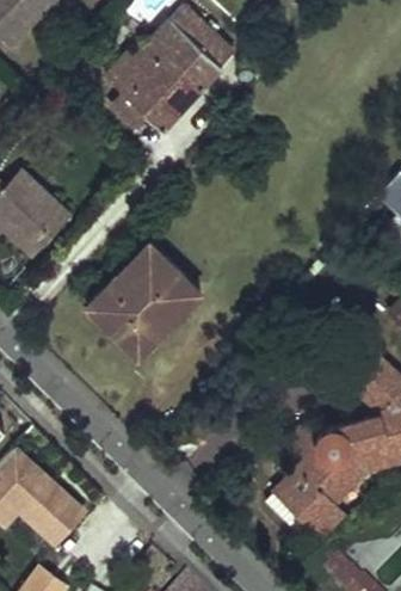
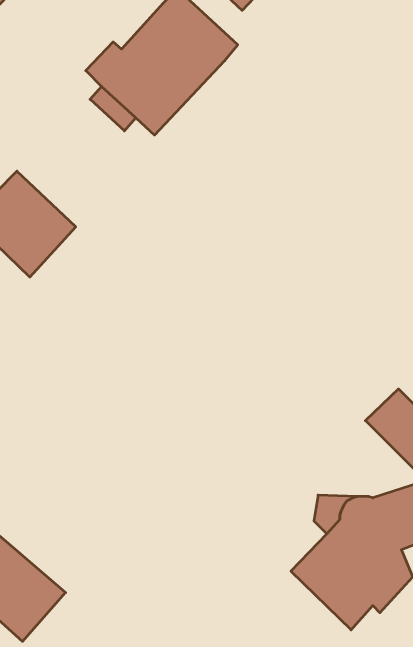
building: [88,238,204,353] -> none

